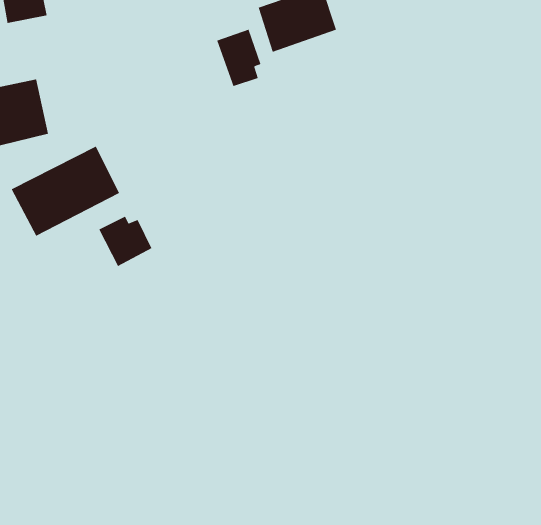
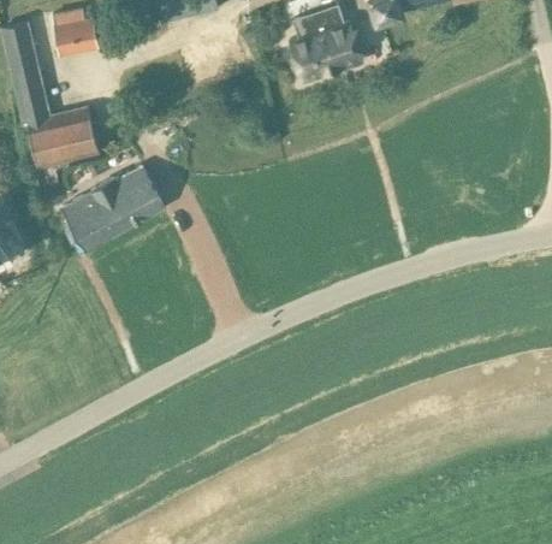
building: [217,29,261,87] -> none
building: [99,216,152,267] -> none

